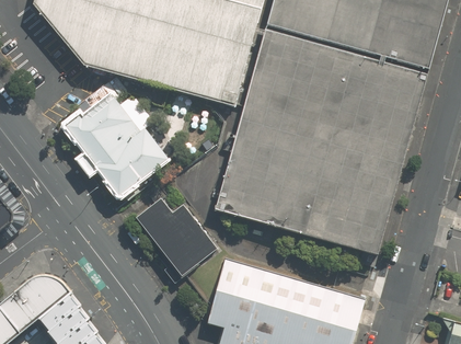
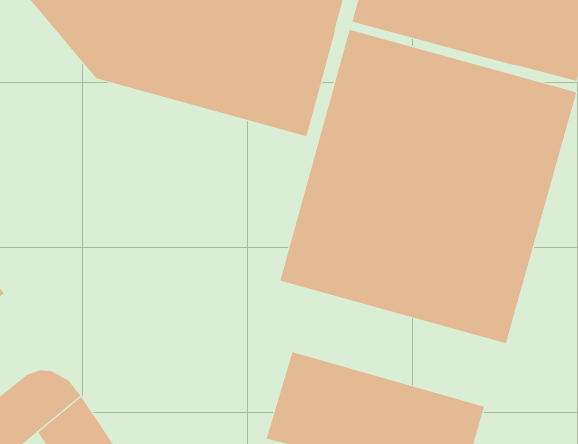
building: [64,81,169,194] -> none
building: [139,200,217,275] -> none

